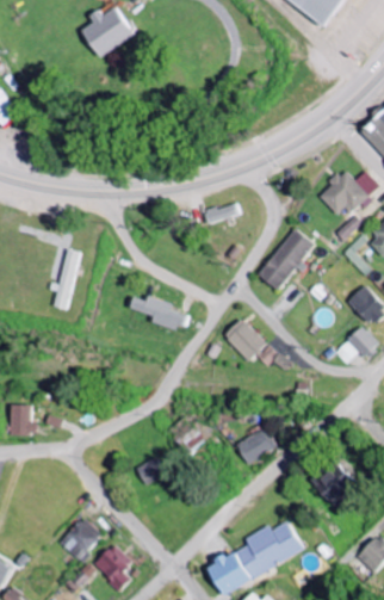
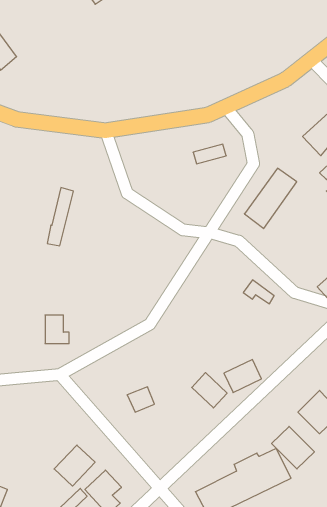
building: [126,295,184,332] -> none
building: [221,317,265,360] -> none
building: [10,404,35,434] -> [45,315,69,344]
building: [169,417,206,454] -> [192,373,227,408]
building: none -> [272,426,314,469]

